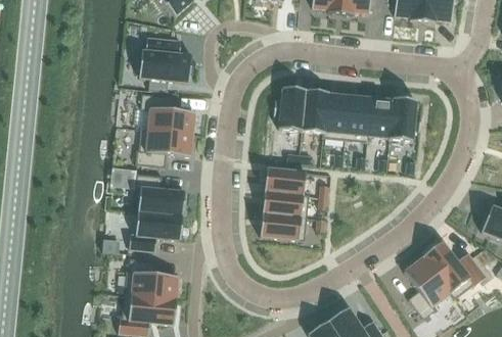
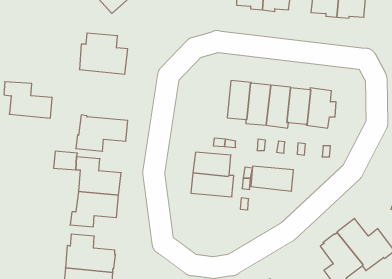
building: [273,88,306,131] -> none
building: [141,94,194,134] -> [4,82,52,118]
building: [260,213,307,241] -> [251,166,293,191]

